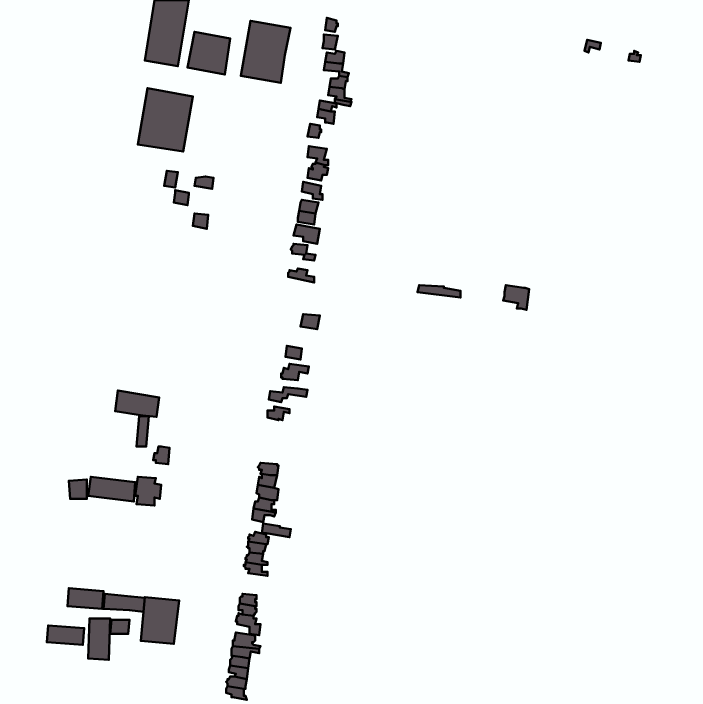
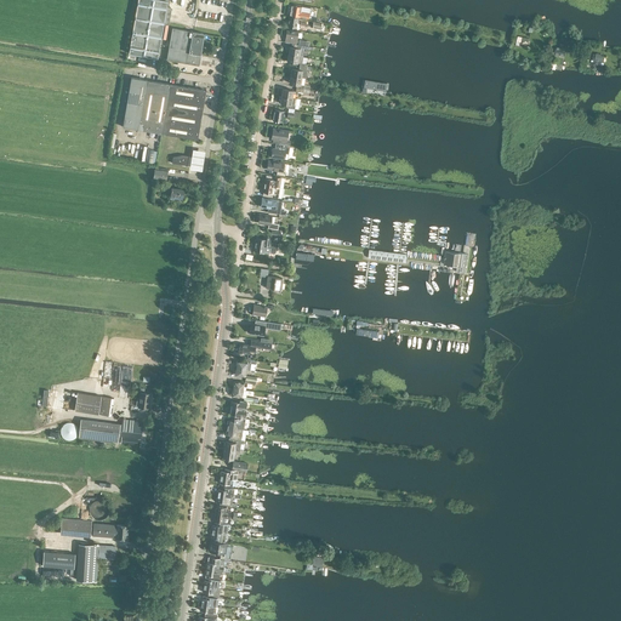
building: [241,21,290,83] -> [161,85,205,139]
building: [115,391,159,417] -> [74,392,113,415]
building: [141,597,179,644] -> none

